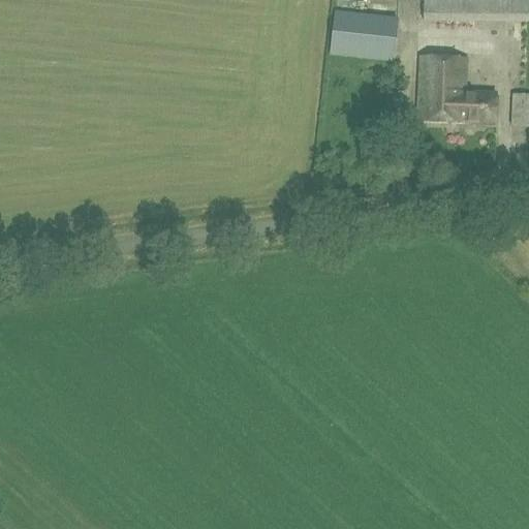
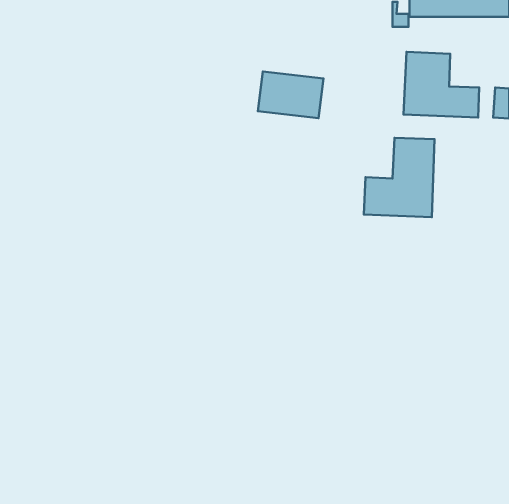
building: [330,9,398,58] -> [258,71,323,118]
building: none -> [364,138,435,217]

